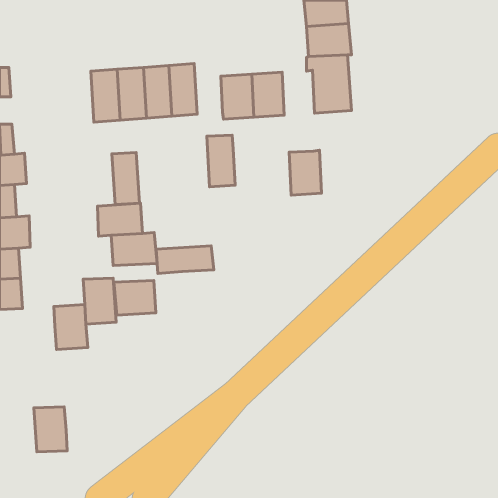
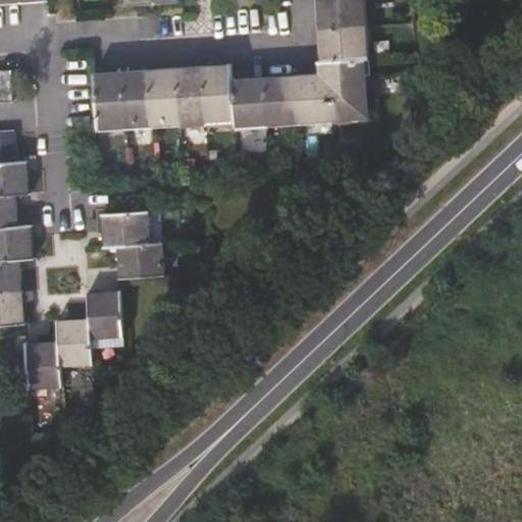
building: [207,135,235,187] -> [203,66,232,120]
building: [289,150,321,195] -> [295,74,328,121]
building: [112,153,140,204] -> none
building: [156,246,214,273] -> none
building: [114,280,156,315] -> none
building: [34,407,67,452] -> [25,342,60,388]

